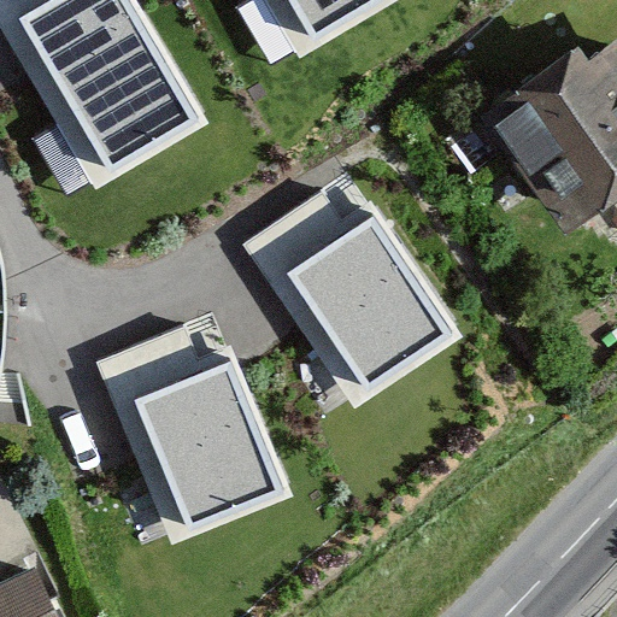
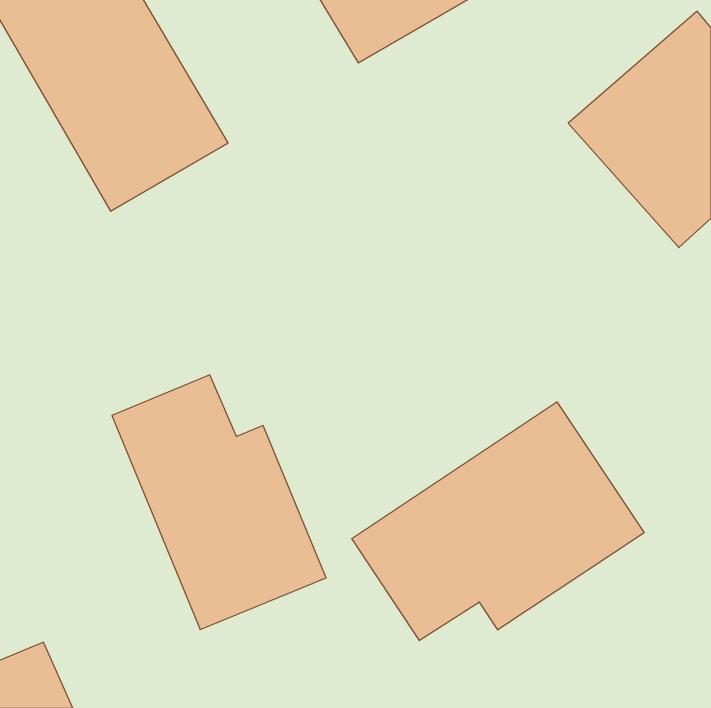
building: [247,190,458,410] -> none
building: none -> [352,402,644,641]

